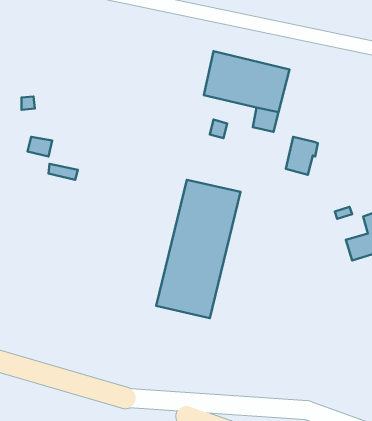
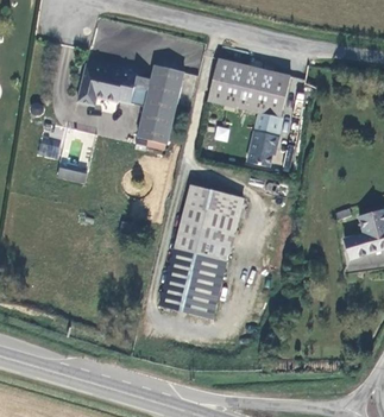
building: none -> [75,62,182,143]
building: [286,137,318,175] -> [248,131,279,168]

